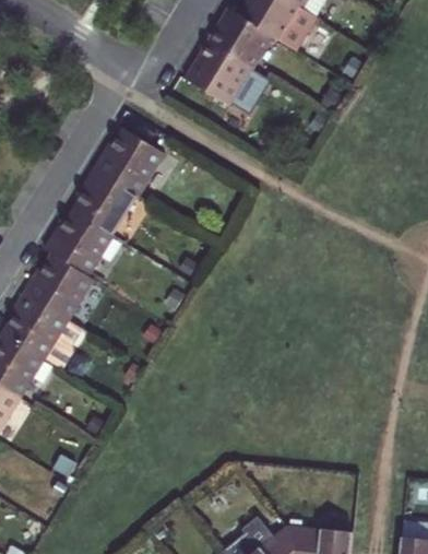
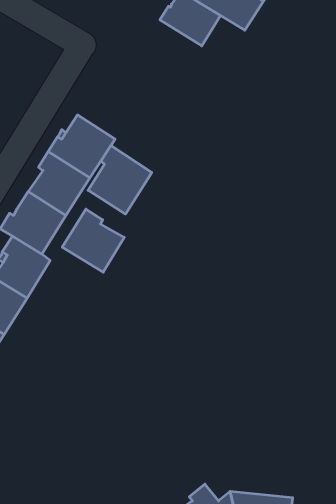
building: [187,37,263,103] -> none
building: none -> [88,146,152,214]
building: none -> [62,209,124,272]

